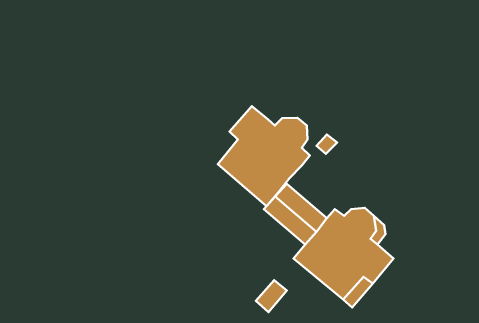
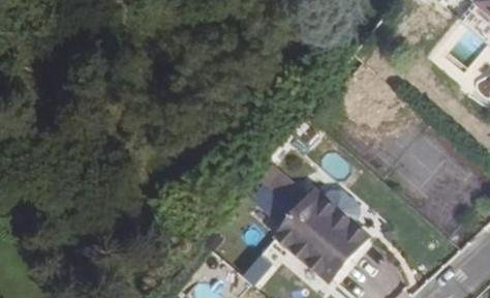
building: [218,106,310,206] -> none

